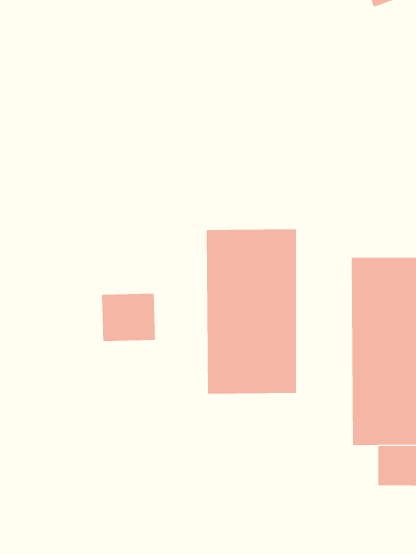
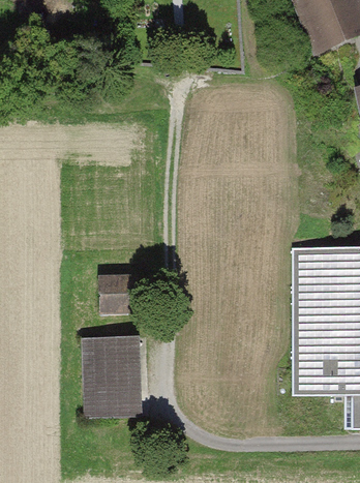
building: [206,228,297,395] -> none
building: none -> [82,337,142,418]

